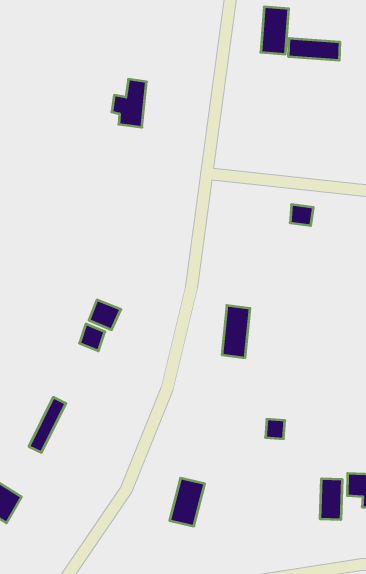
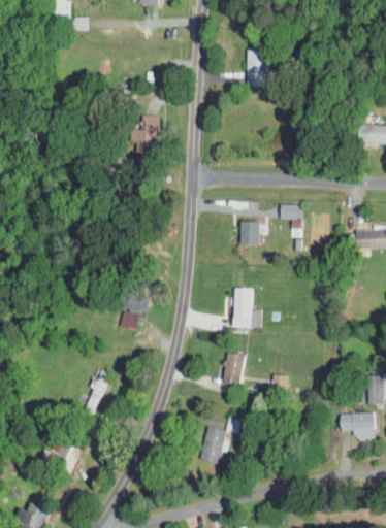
building: [289,38,340,60] -> none
building: none -> [239,221,260,244]
building: none -> [222,353,246,387]
building: [320,479,342,520] -> none

